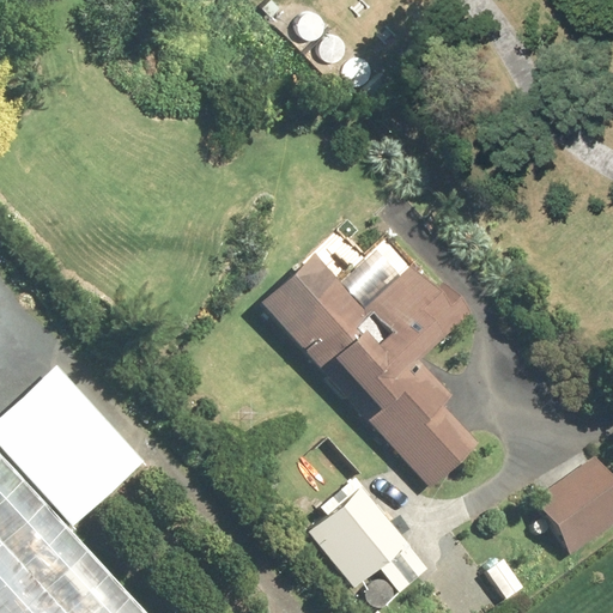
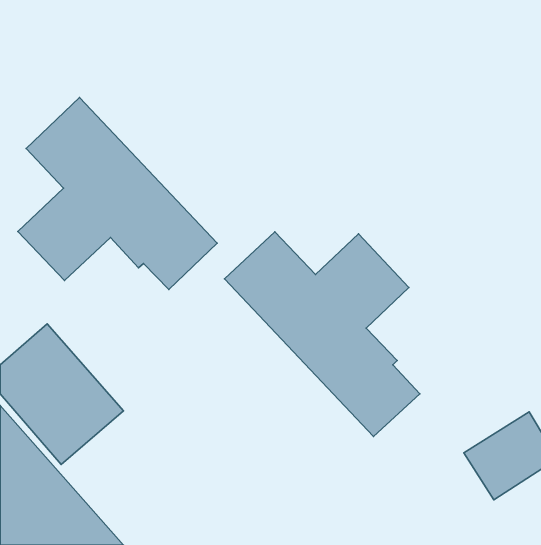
building: none -> [18,98,217,290]
building: [304,492,424,596] -> none

